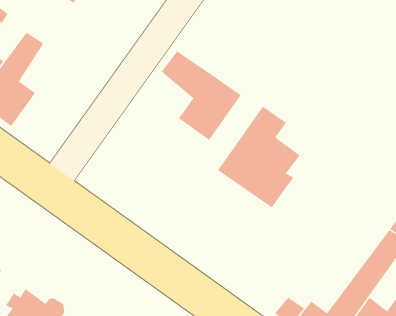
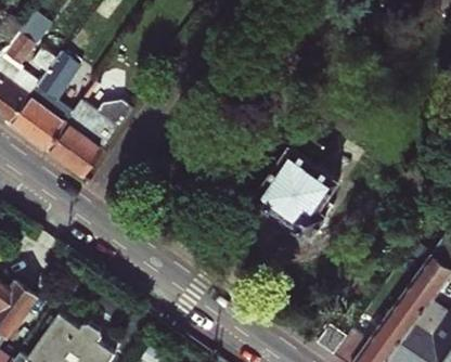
building: [161,50,242,141] -> none
building: none -> [44,100,134,179]

